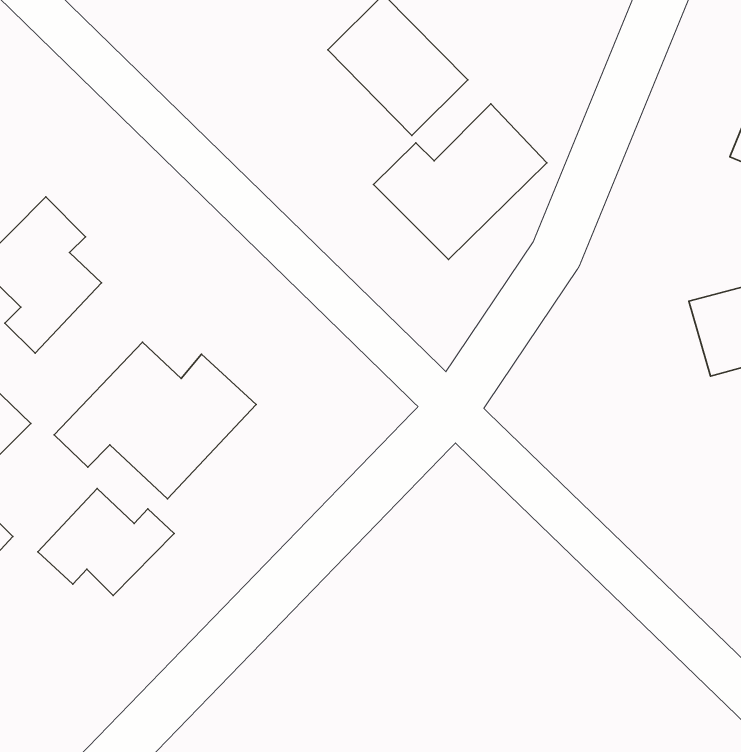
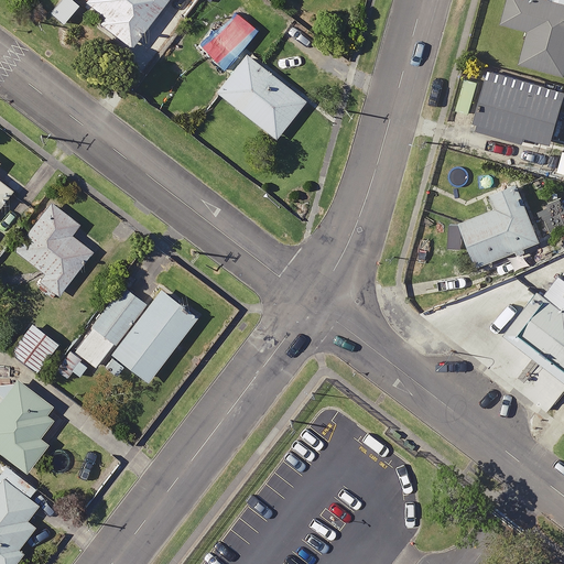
building: [373,104,547,260] -> none
building: [38,488,174,596] -> none

